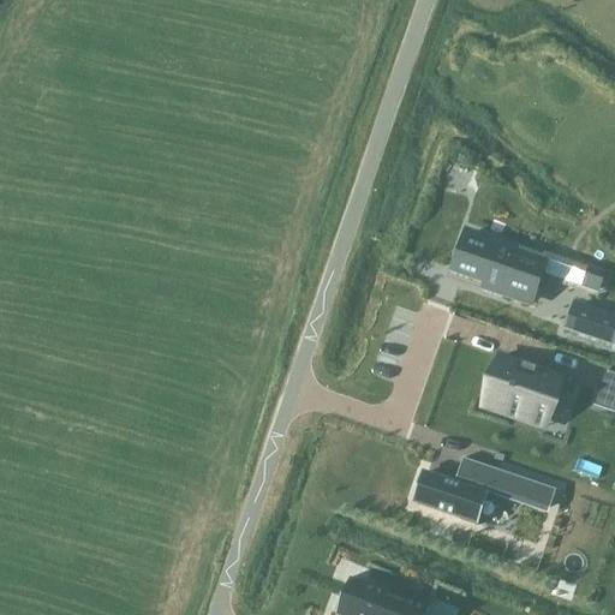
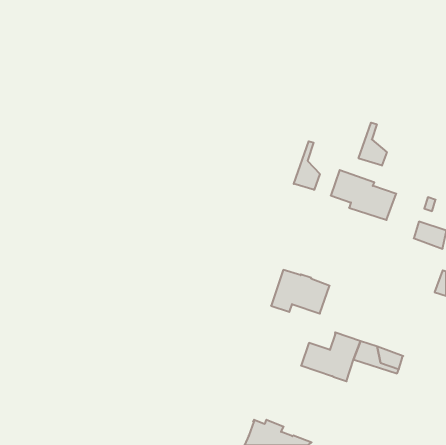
building: none -> [359,123,387,166]
building: none -> [294,141,320,190]
building: [480,357,561,417] -> [271,270,330,314]

